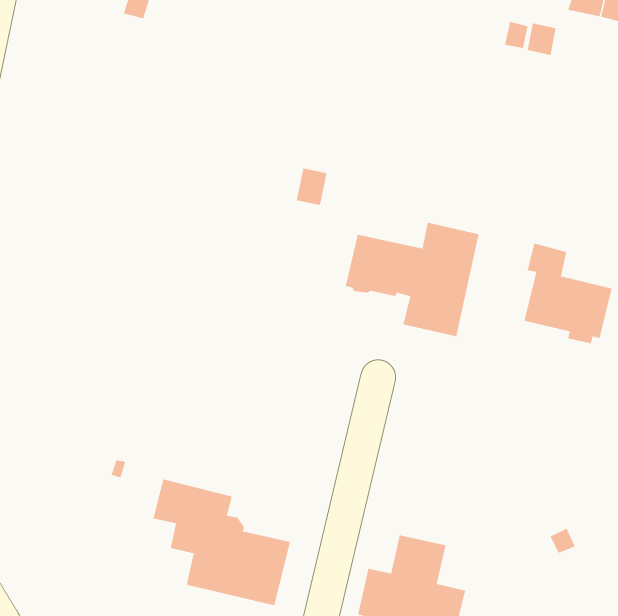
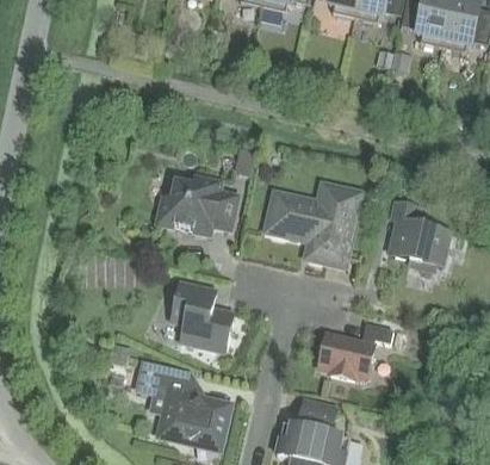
building: none -> [157,174,237,231]
building: none -> [170,281,234,348]
building: none -> [318,321,393,377]

